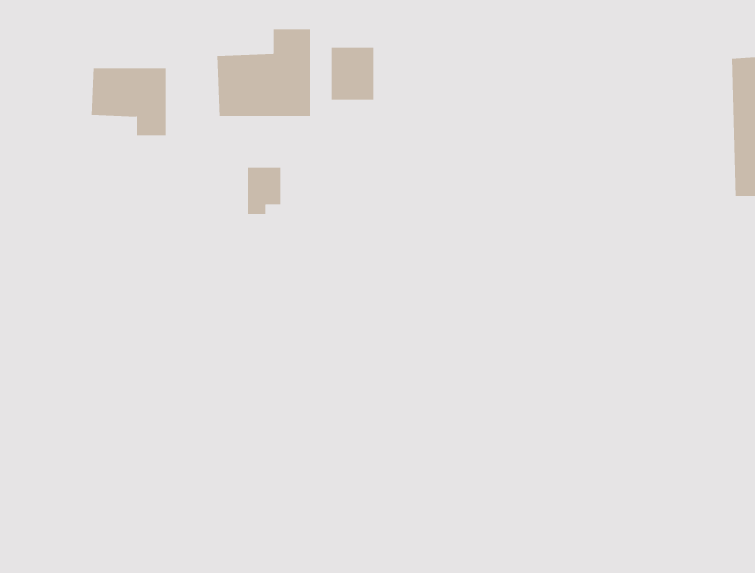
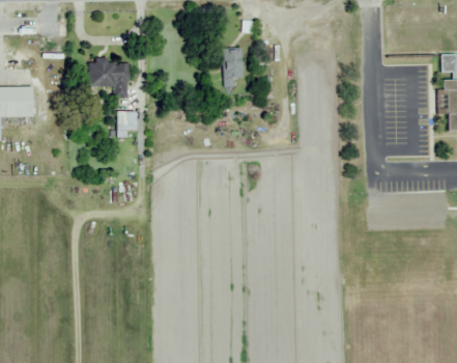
building: [217,29,311,117] -> none
building: [247,167,281,214] -> [118,111,137,137]

